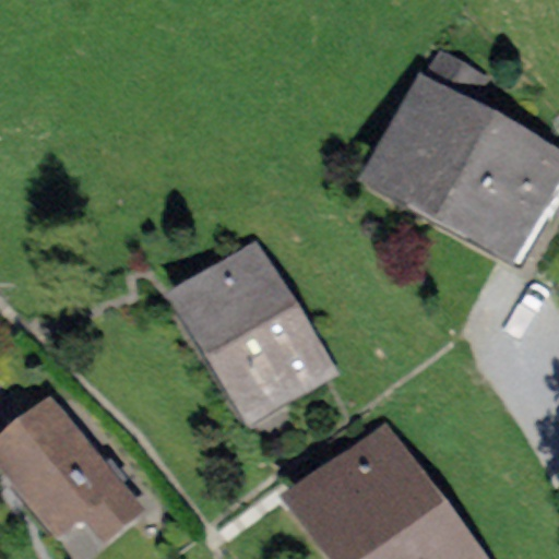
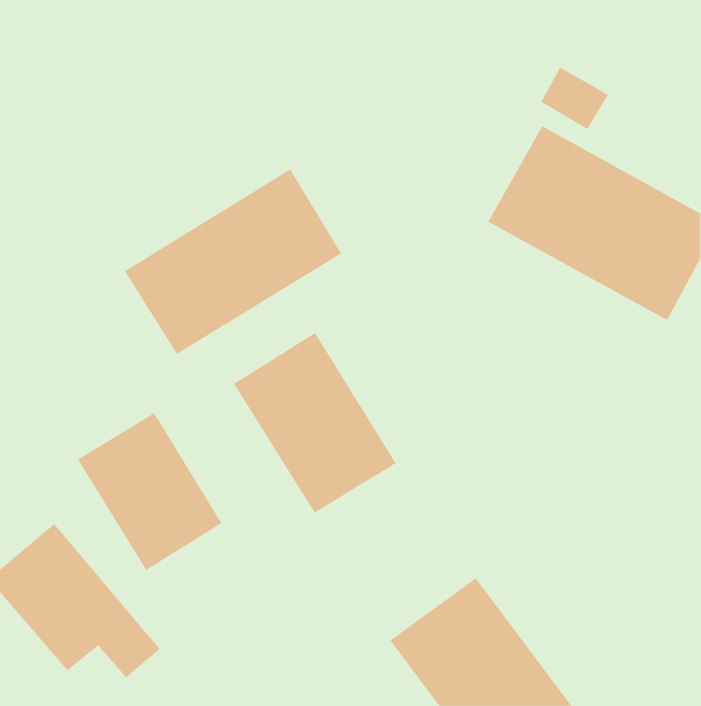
building: none -> [124,168,342,355]
building: none -> [77,412,222,571]

